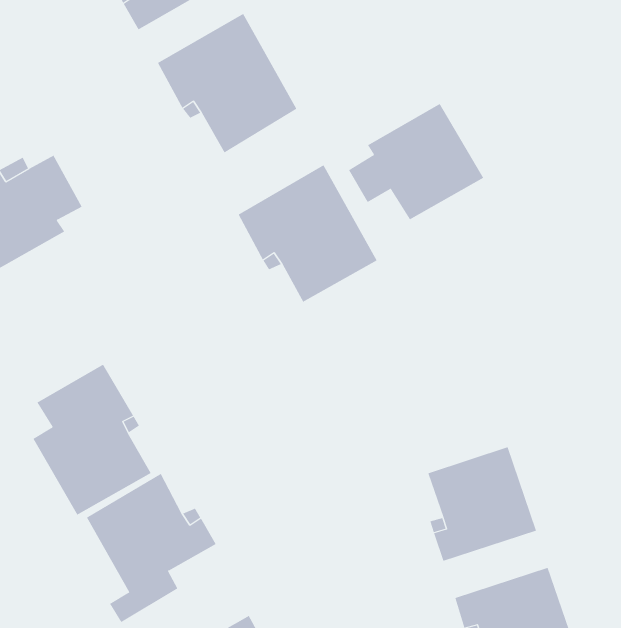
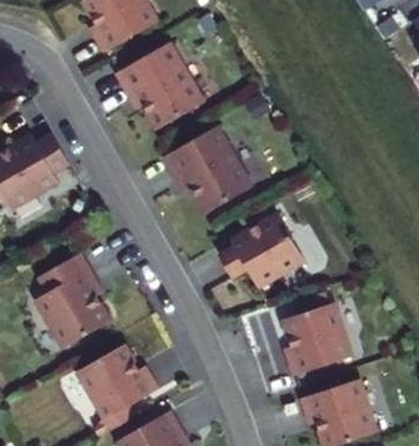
building: [348,103,484,220] -> [223,222,308,296]

